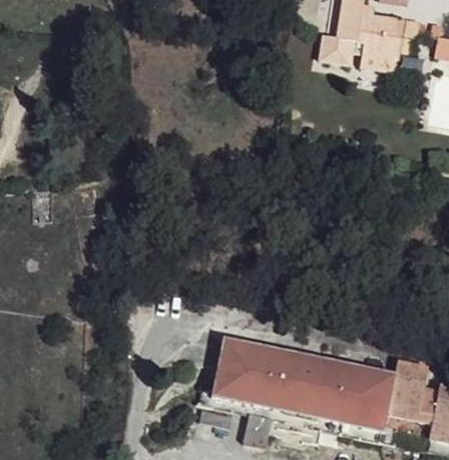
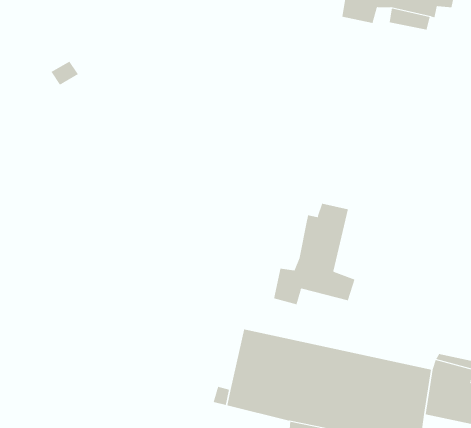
building: none -> [274,203,355,305]

